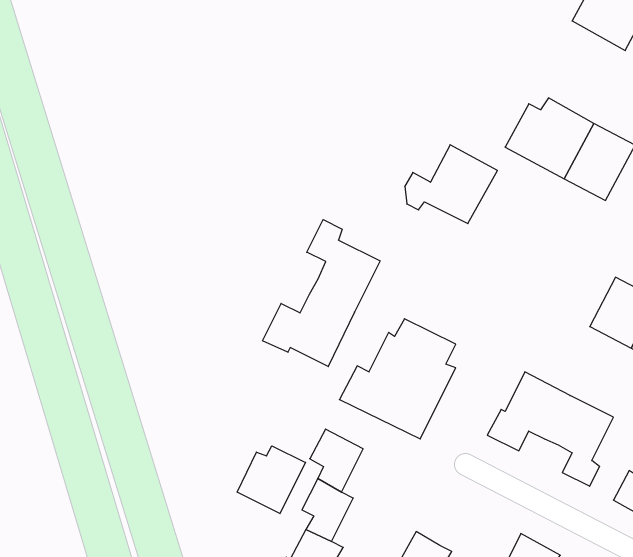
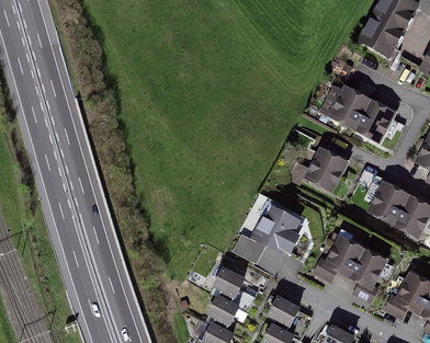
building: [405,145,497,224] -> [295,147,347,191]
building: [263,220,380,367] -> none
building: [237,446,306,514] -> none
building: none -> [268,297,298,332]

